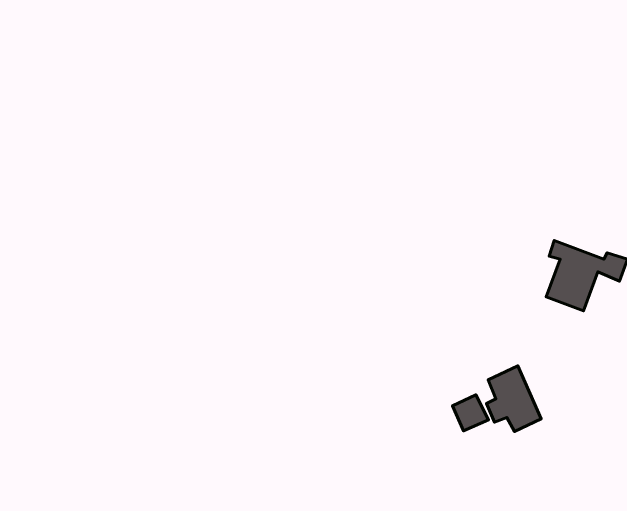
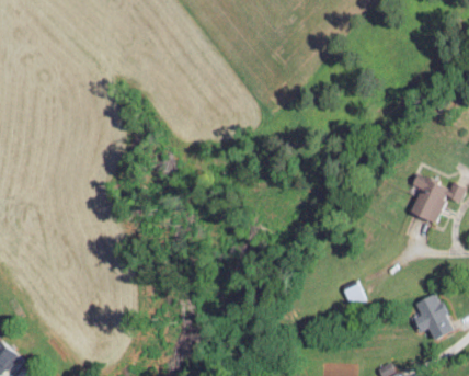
building: [487,366,541,431] -> [414,292,453,338]

